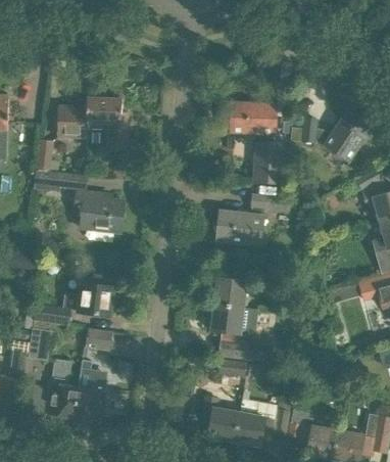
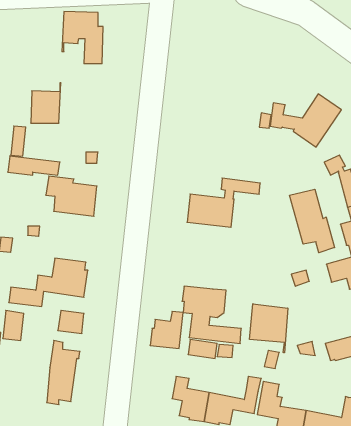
building: [86,96,128,149] -> [62,12,103,64]
building: [231,102,285,183] -> none
building: none -> [290,189,335,253]
building: [213,269,247,307] -> [150,311,183,348]
building: none -> [250,304,288,353]
building: [50,360,77,422] -> none

